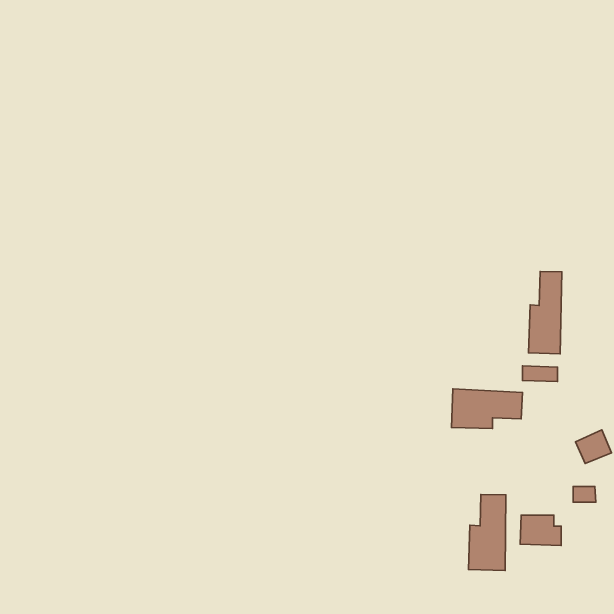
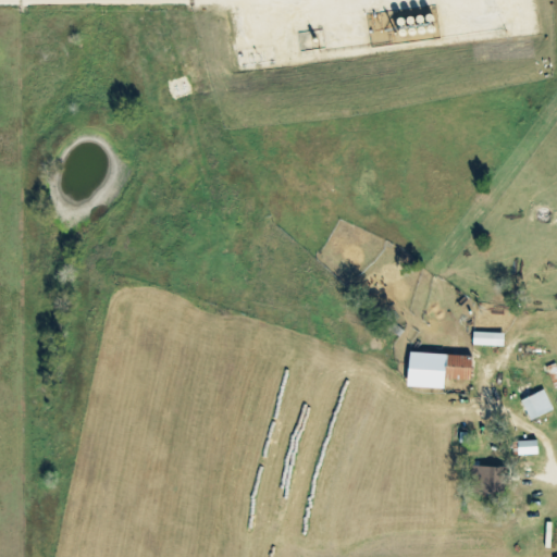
building: [529,272,562,354] -> none
building: [469,494,506,571] -> none

